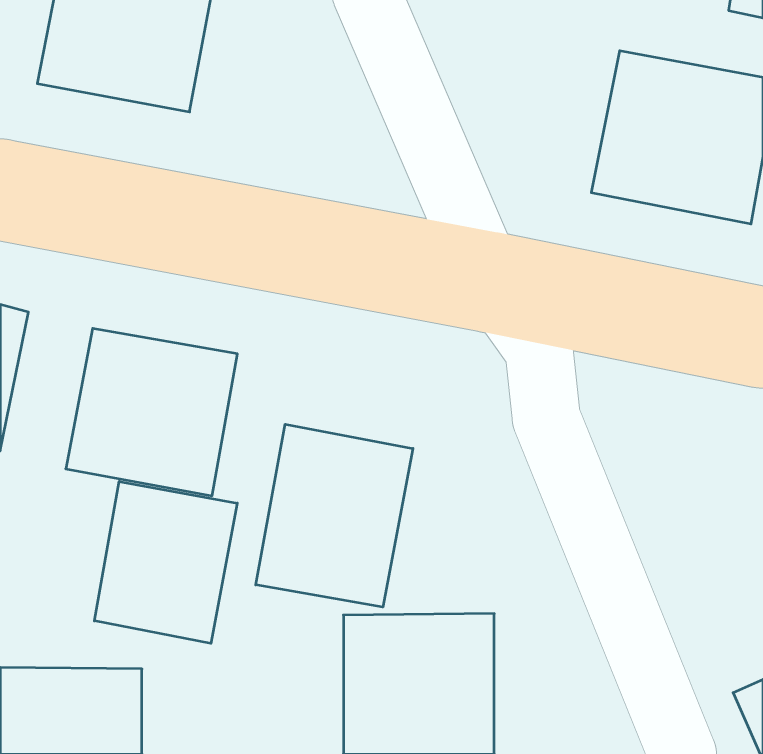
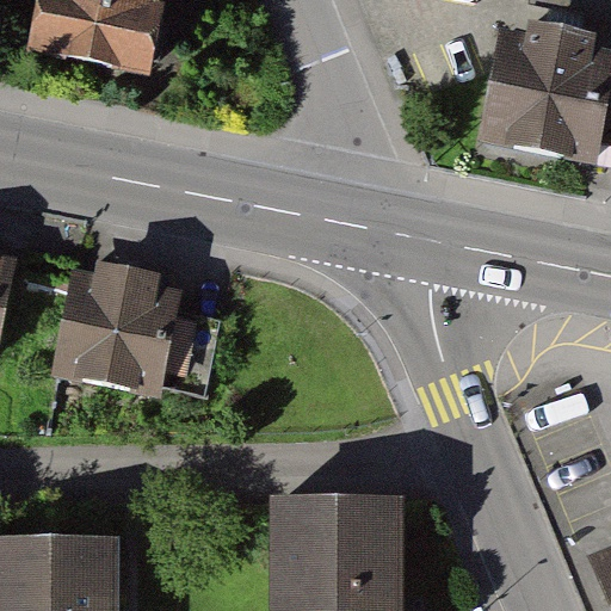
building: [256,424,413,607] -> none
building: [94,481,237,643] -> none

